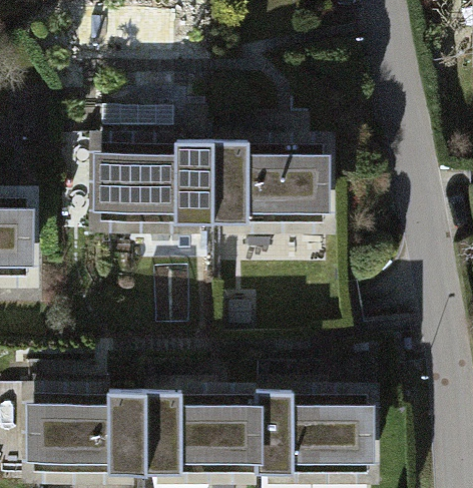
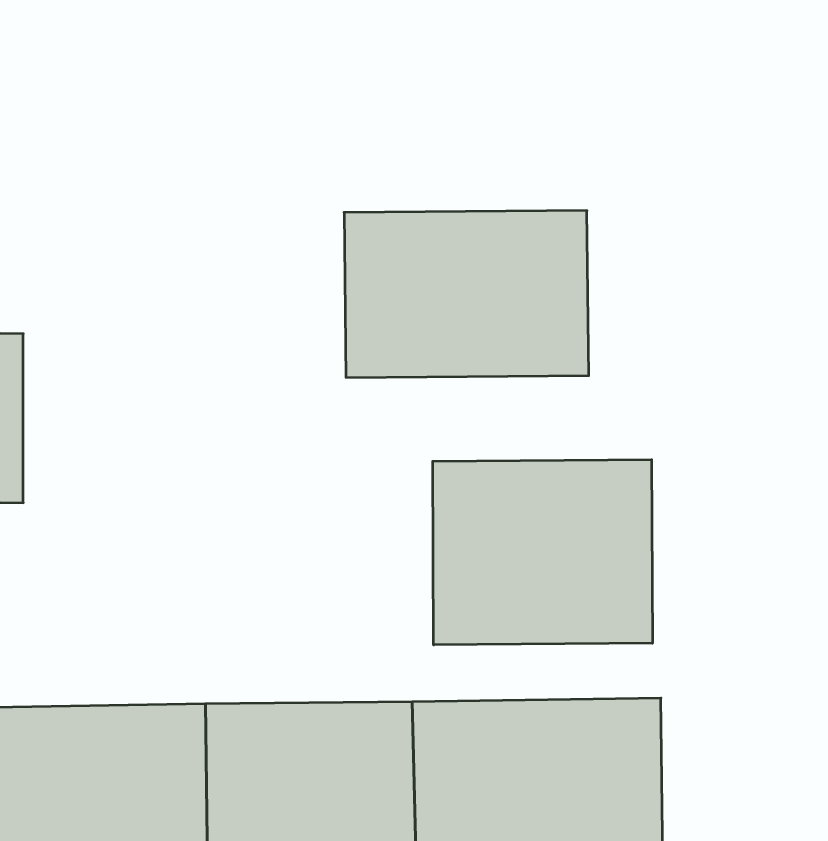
building: [96,132,208,221] -> none
building: none -> [433,460,652,645]

